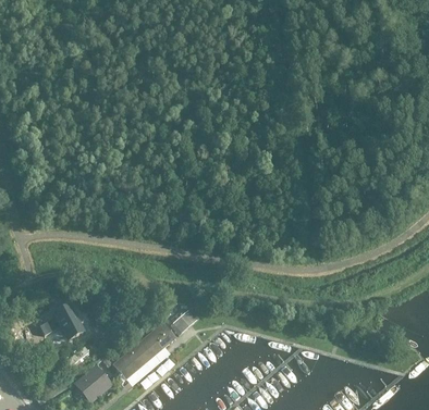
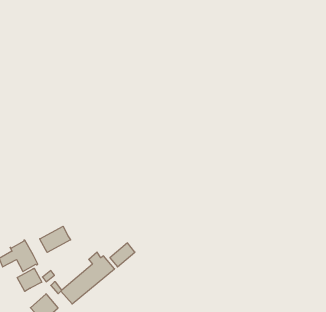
building: none -> [40,226,71,252]
building: none -> [17,268,42,291]

